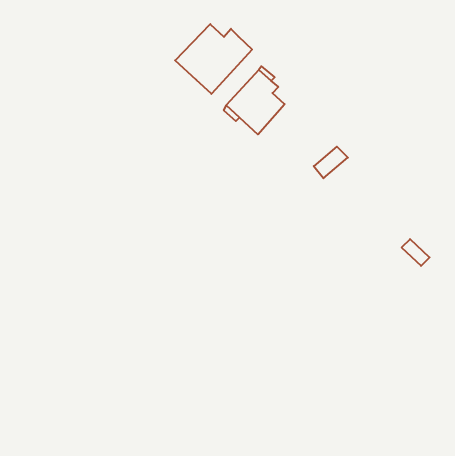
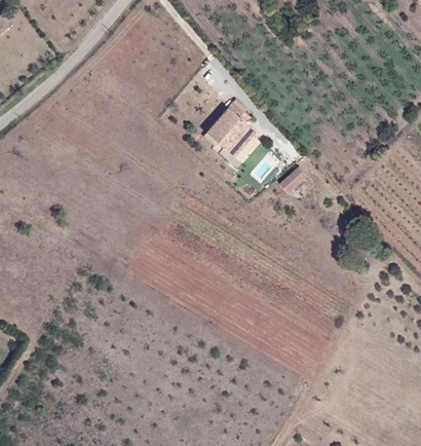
building: [175,24,252,94] -> none

